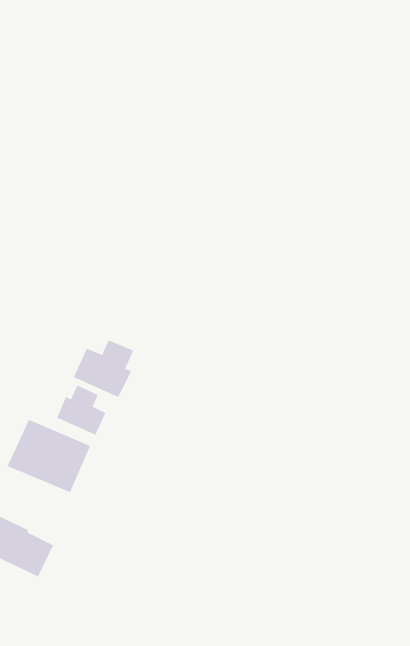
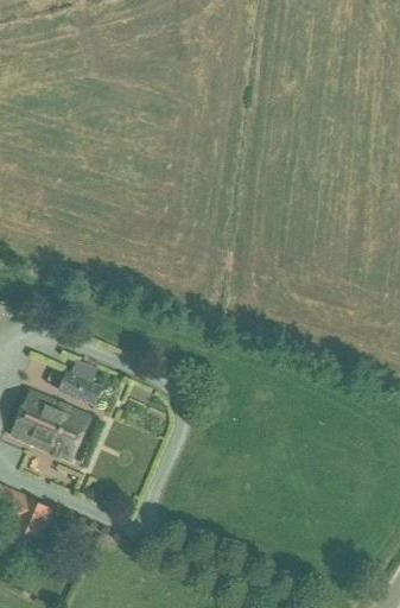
building: [73,339,134,398] -> none

